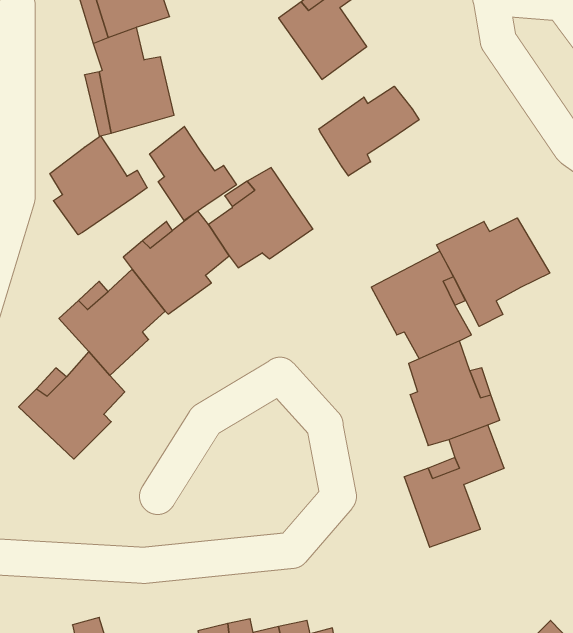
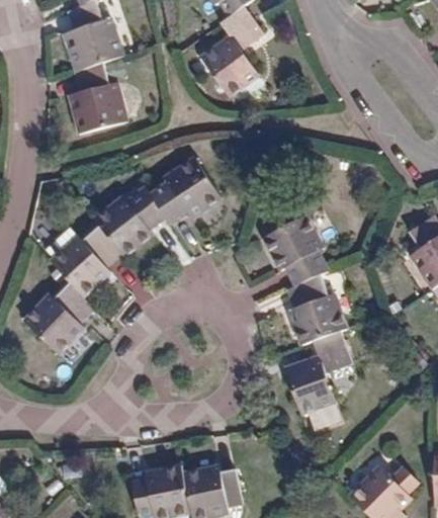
building: [319,86,419,176] -> none
building: [150,126,236,221] -> none
building: [50,136,147,235] -> none
building: [437,218,550,326] -> none

